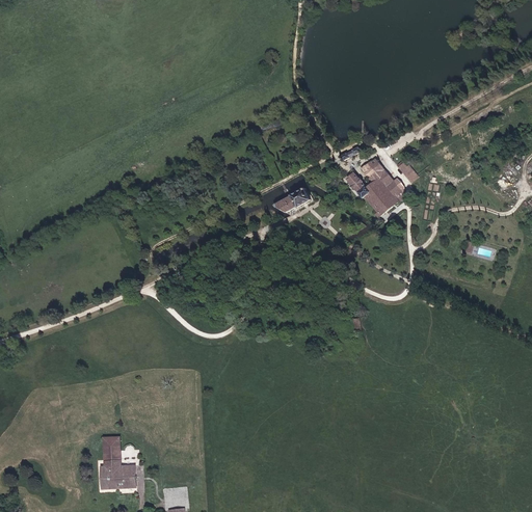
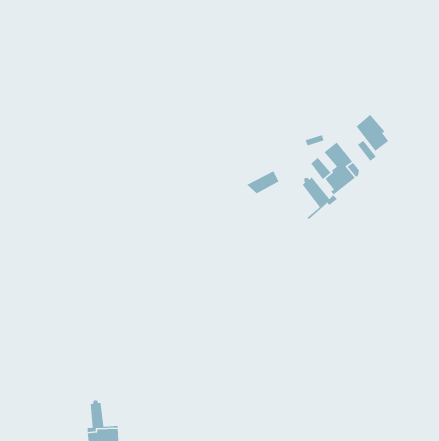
building: none -> [355,114,389,152]
building: none -> [302,177,338,220]

